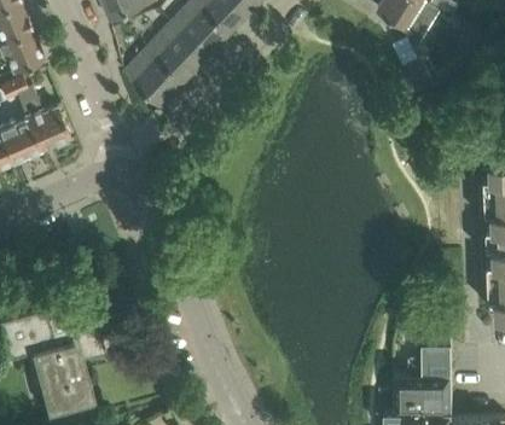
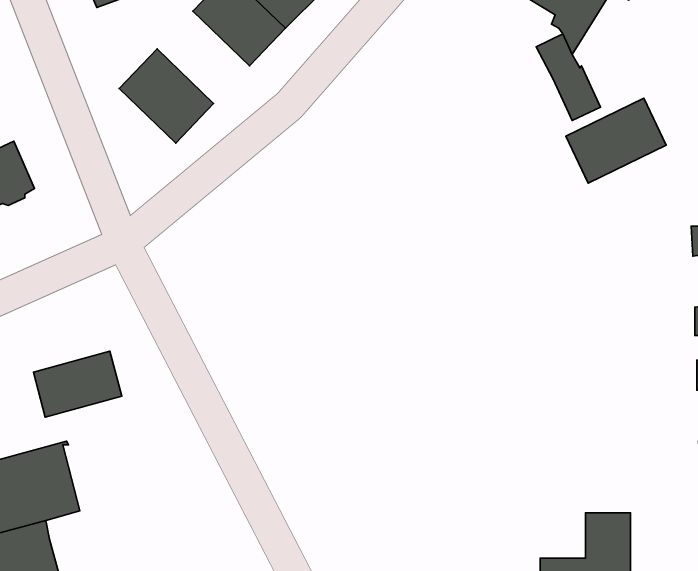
building: [147,23,207,82] -> none
building: none -> [566,98,666,183]
building: none -> [33,351,122,417]

